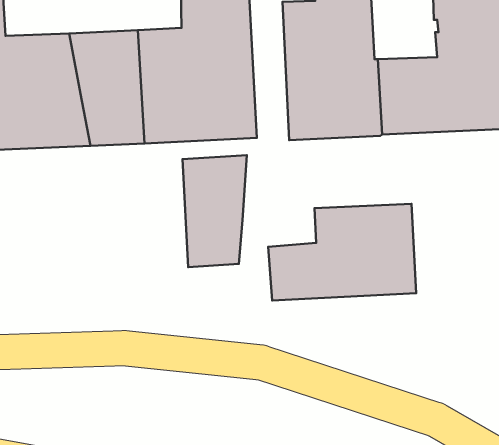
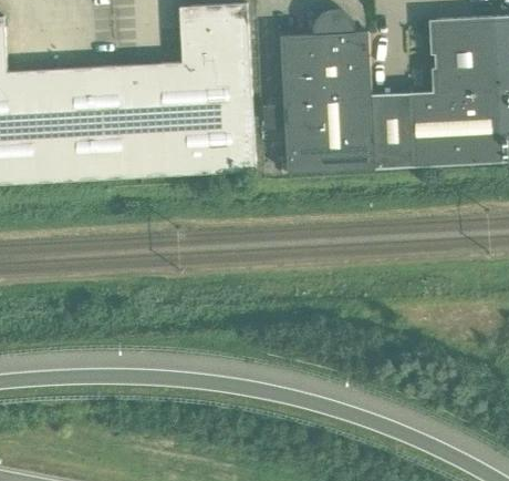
building: [183,155,247,267] -> none
building: [268,204,416,300] -> none

